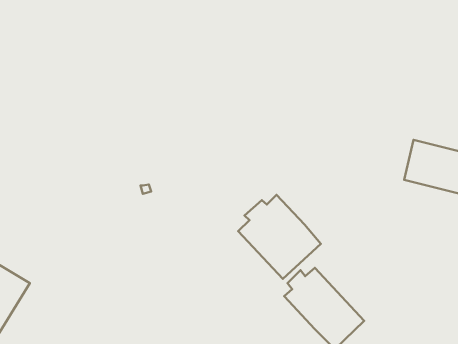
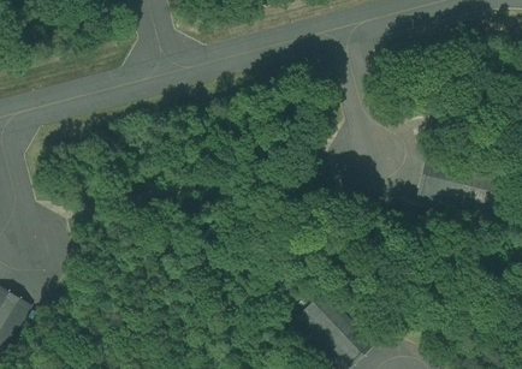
building: [238,195,321,279] -> none

